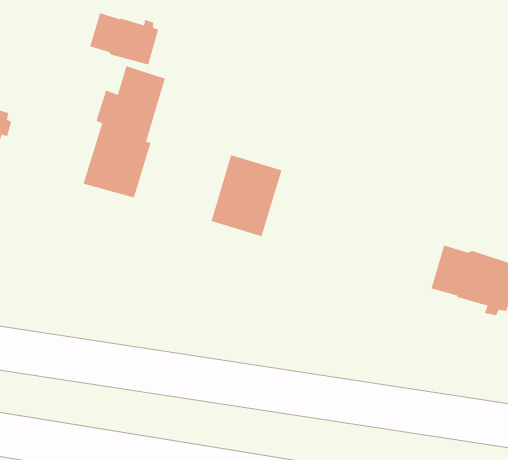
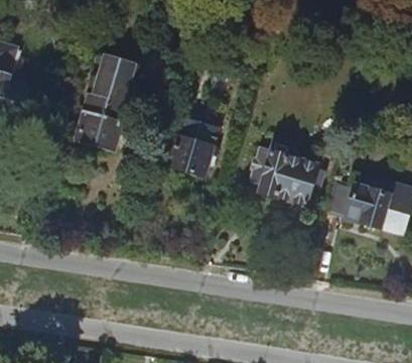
building: [89,12,159,66] -> none
building: none -> [251,139,317,203]

